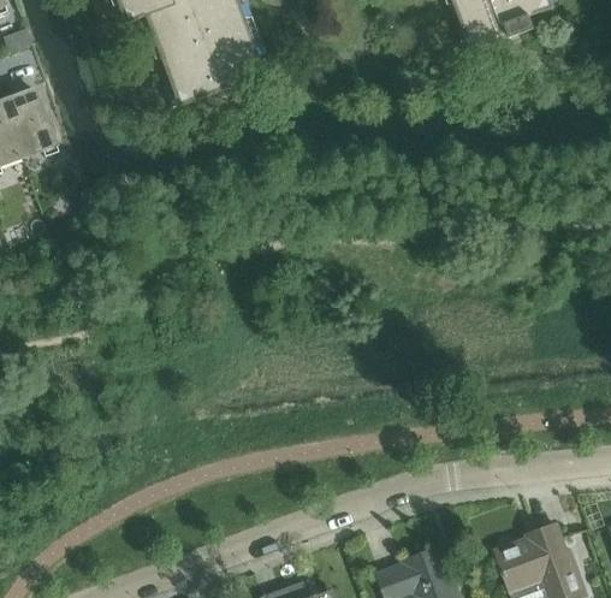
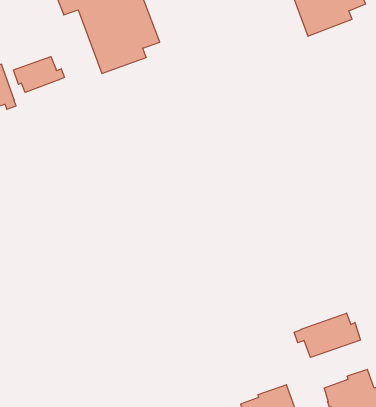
building: none -> [14,57,64,92]
building: none -> [294,313,361,357]

